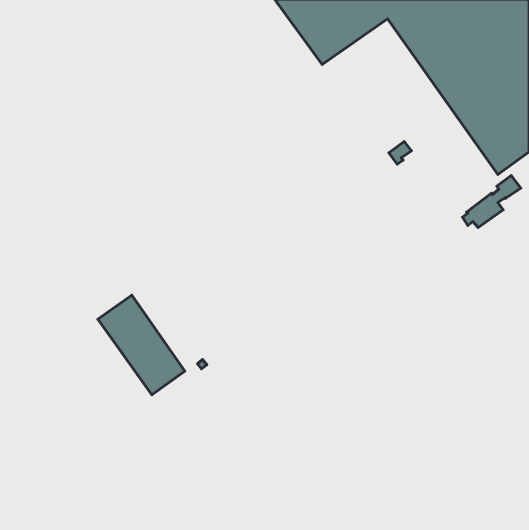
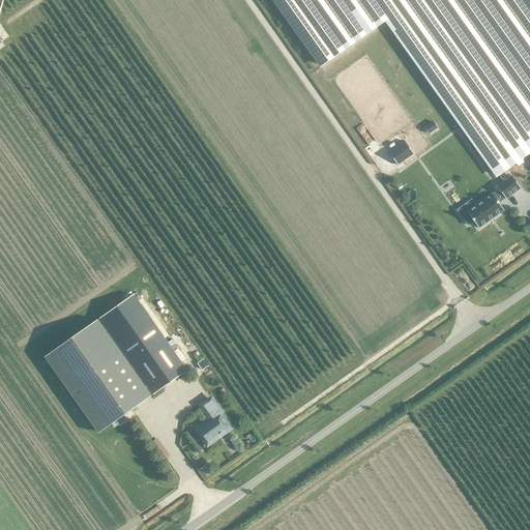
building: none -> [45,319,149,431]
building: none -> [195,407,230,445]

